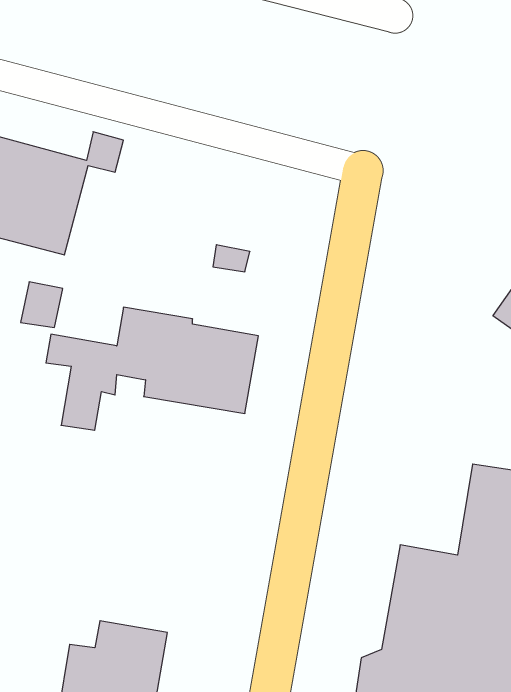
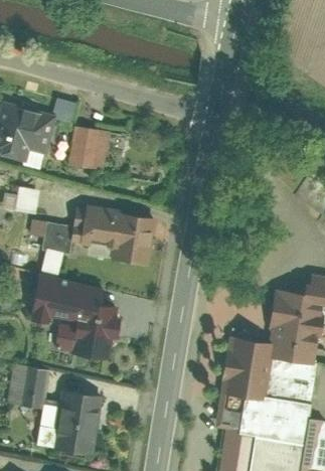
building: none -> [67,125,112,173]
building: none -> [28,276,120,358]
building: none -> [7,363,46,407]

